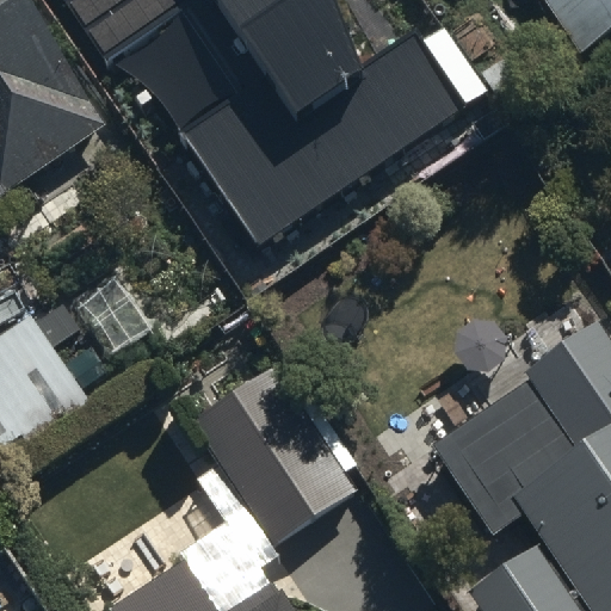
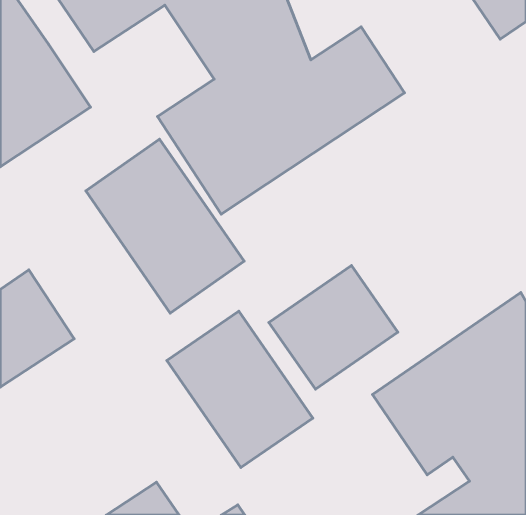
building: none -> [86,139,244,313]
building: none -> [269,265,398,389]

